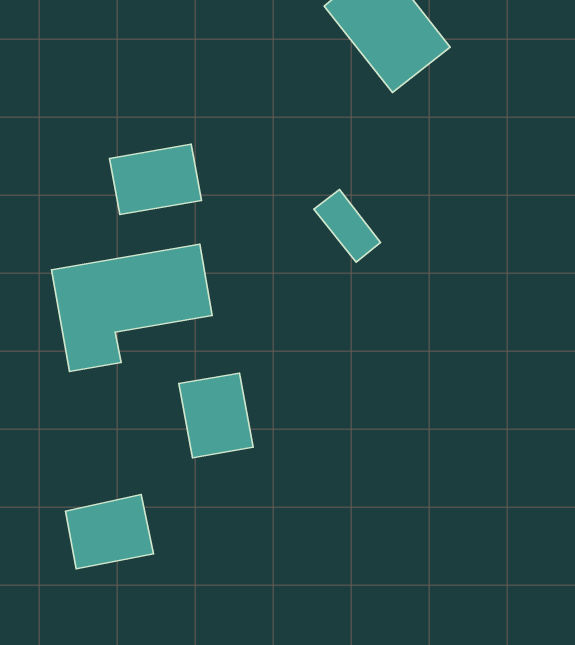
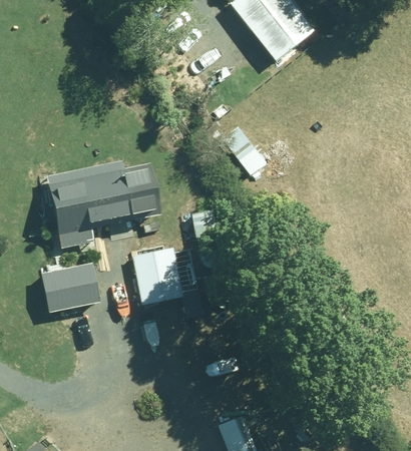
building: [109,144,202,215] -> none
building: [65,495,153,569] -> [42,262,100,311]

